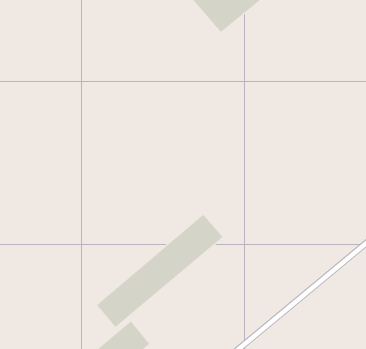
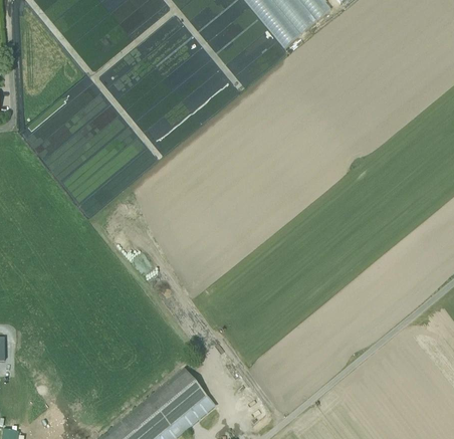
building: [96,214,224,328] -> none

